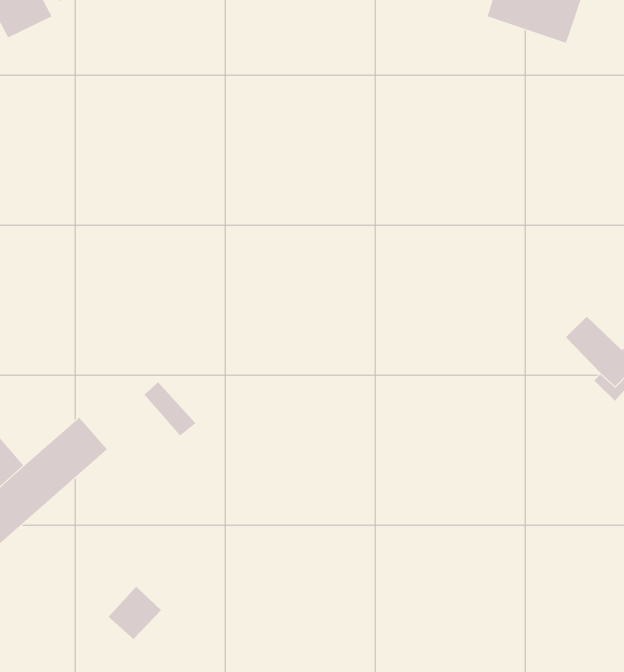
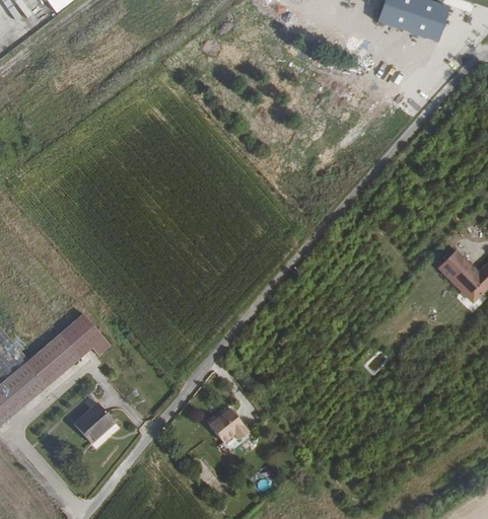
building: [143,381,196,437] -> [70,312,110,354]
building: none -> [209,405,250,440]
building: [108,586,162,640] -> [71,402,112,443]

